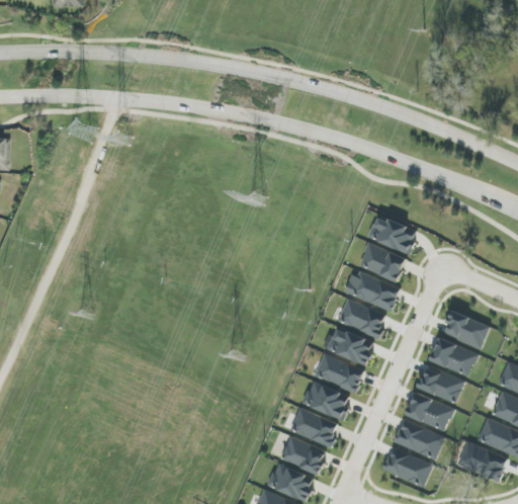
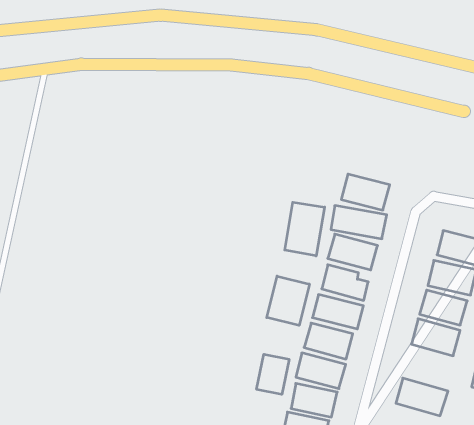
building: [369,216,418,253] -> none
building: none -> [285,202,325,256]
building: none -> [267,276,309,325]
building: none -> [257,354,289,394]
building: [394,420,444,460] -> none

